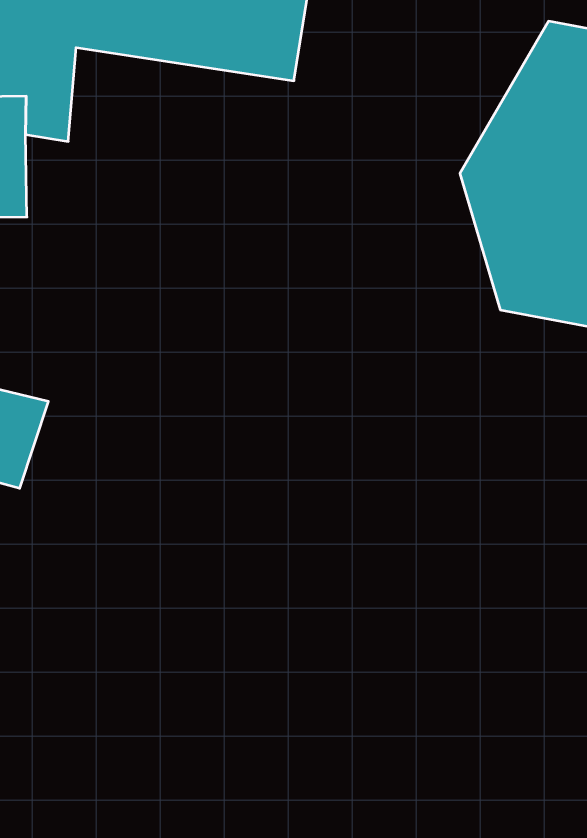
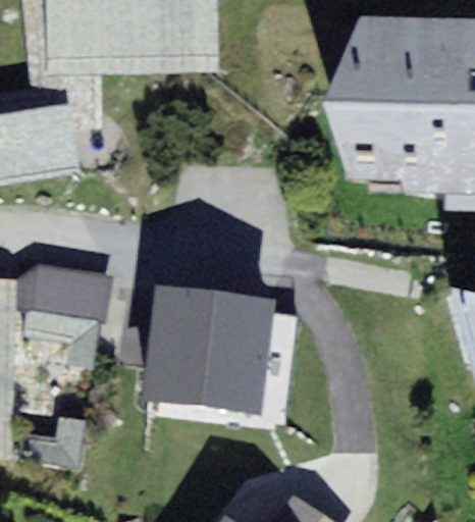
building: none -> [150,294,267,397]

